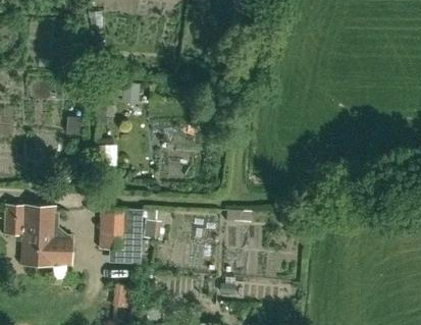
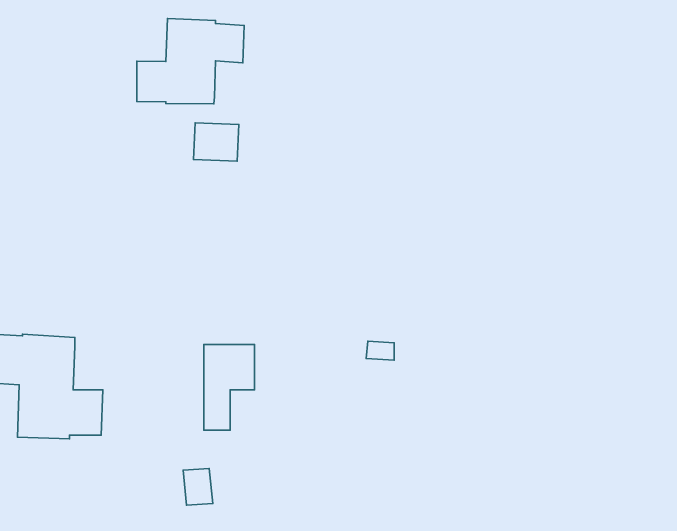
building: none -> [137,19,244,104]
building: [99,208,125,250] -> none

